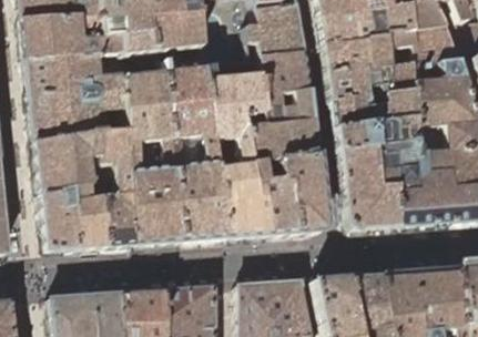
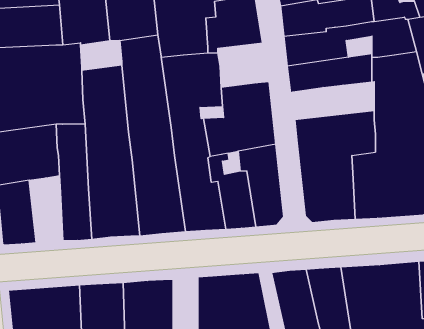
building: [260,51,311,95] -> none
building: [334,90,415,127] -> none
building: [72,183,105,249] -> none

